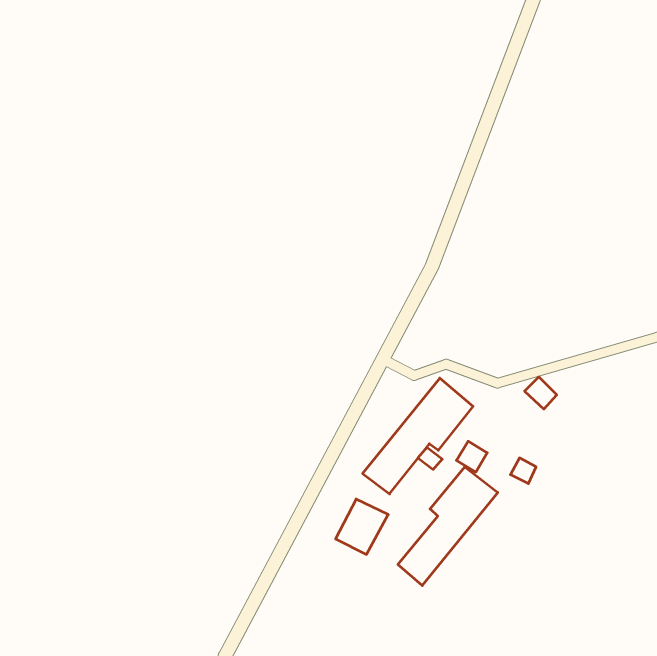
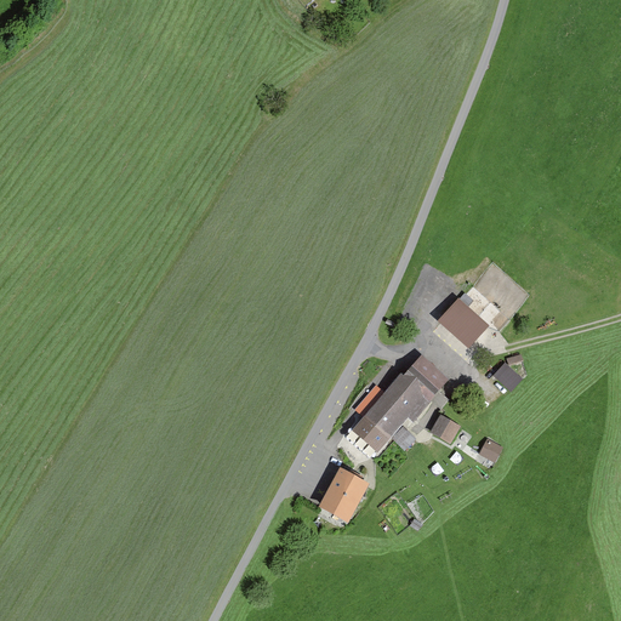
building: none -> [439,291,494,344]
building: [398,467,498,586] -> none

